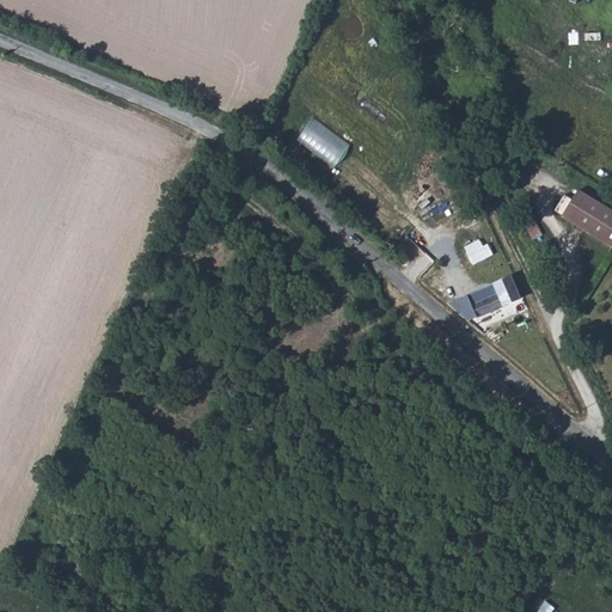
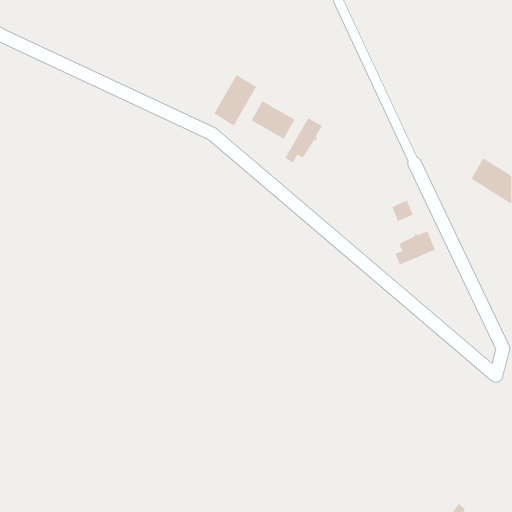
building: none -> [214,74,257,126]
building: none -> [285,117,323,163]

